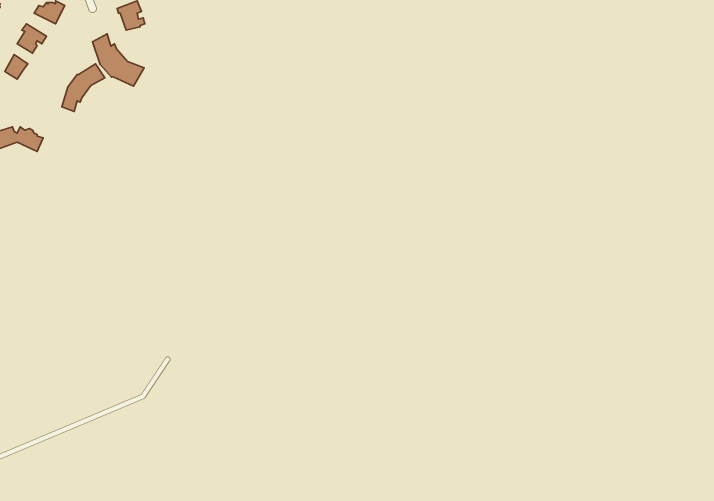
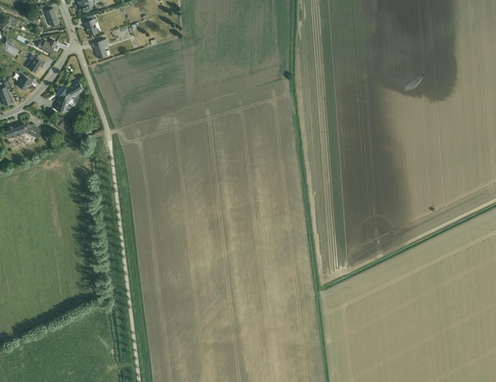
building: [93,34,144,86] -> none

